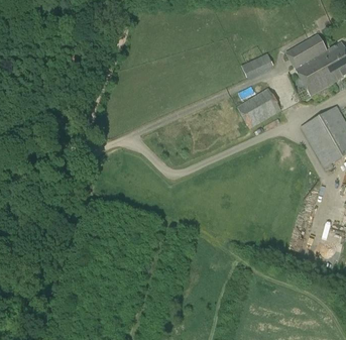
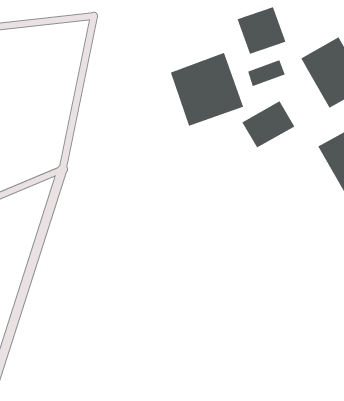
building: none -> [237,6,286,55]
building: none -> [170,52,244,127]

